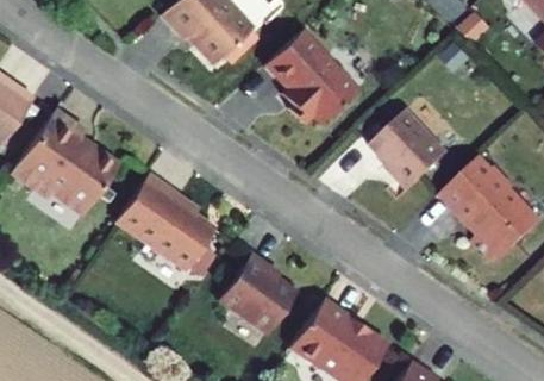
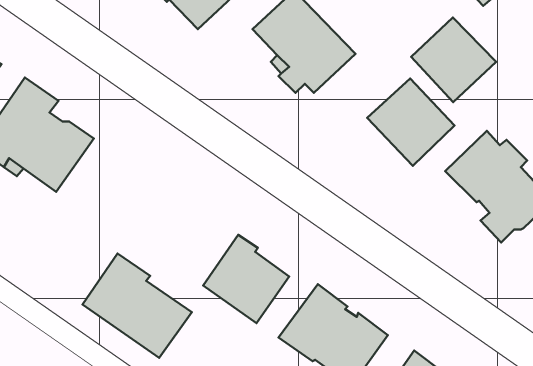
building: none -> [411,17,496,102]
building: [115,174,215,269] -> [82,254,192,358]

